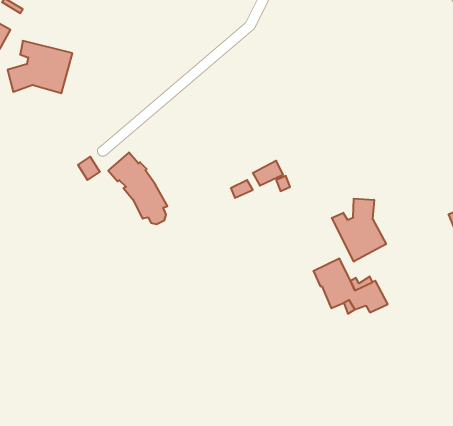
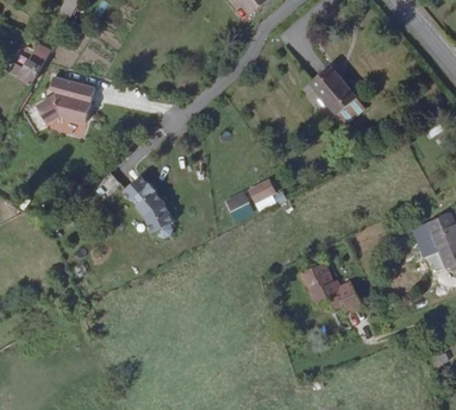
building: none -> [308,64,366,125]
building: [332,199,386,262] -> none

